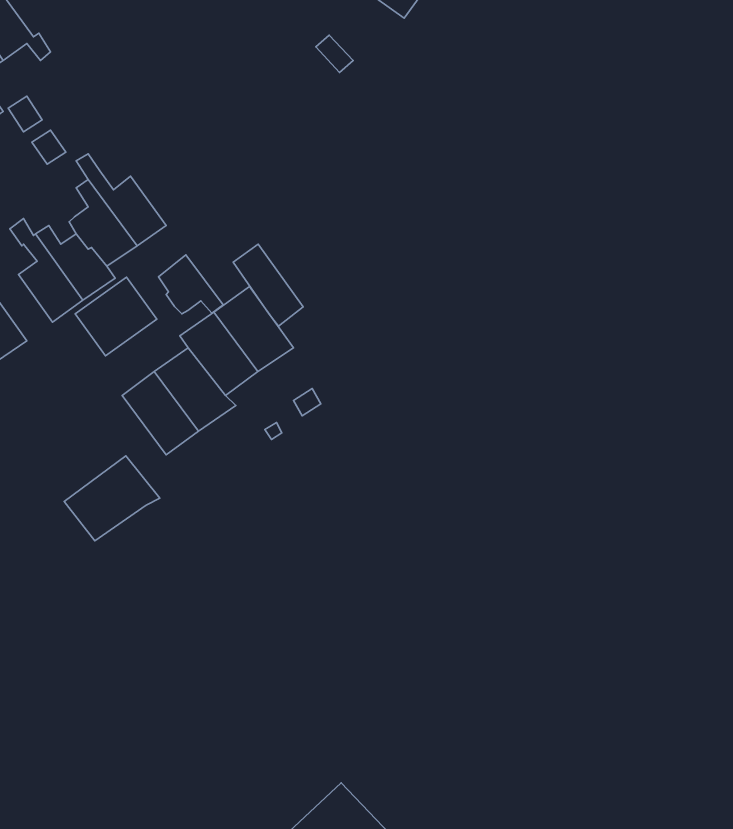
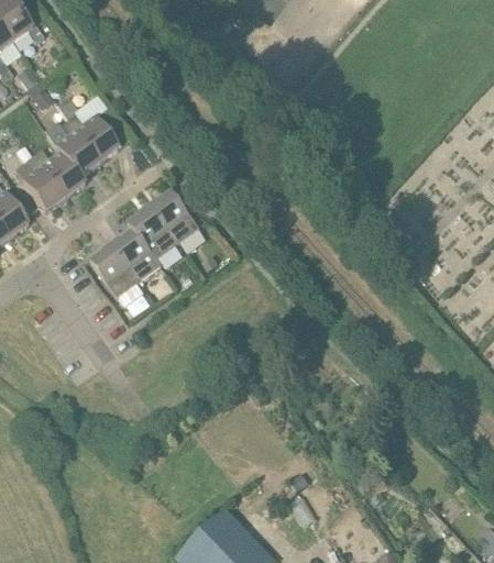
building: [233,244,303,326] -> none
building: [159,255,223,314] -> none
building: [75,277,157,356] -> none
building: [64,456,160,541] -> none

